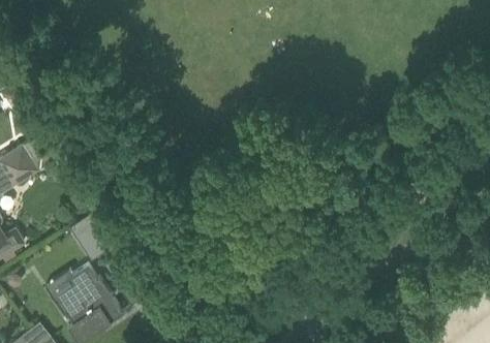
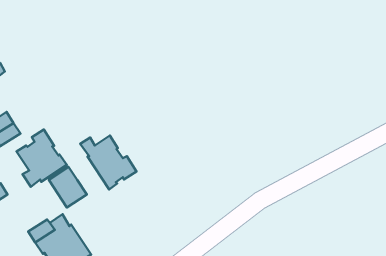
building: none -> [16,130,67,187]
building: none -> [80,136,137,189]

